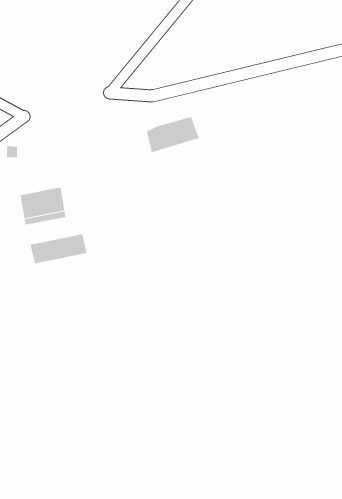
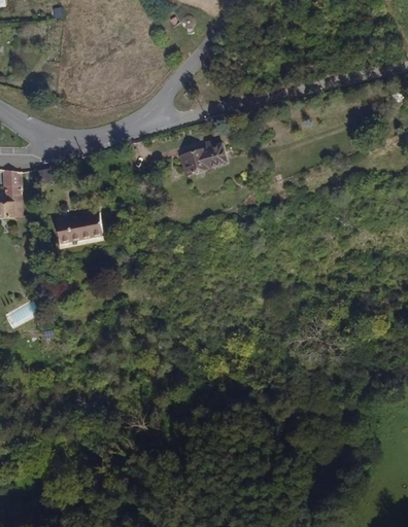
building: [30,233,87,264] -> none

